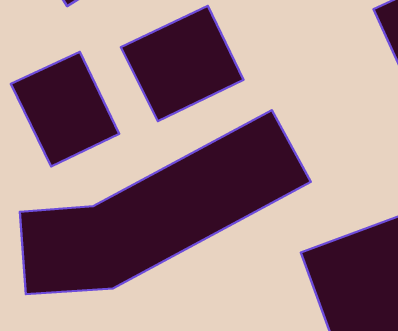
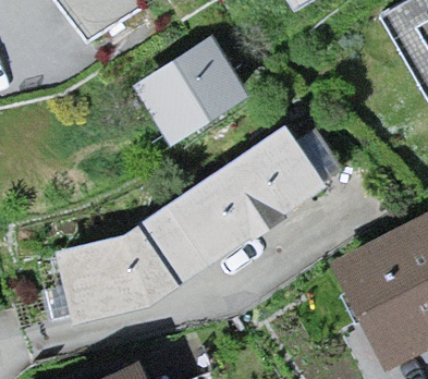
building: [11,52,119,167] -> none

